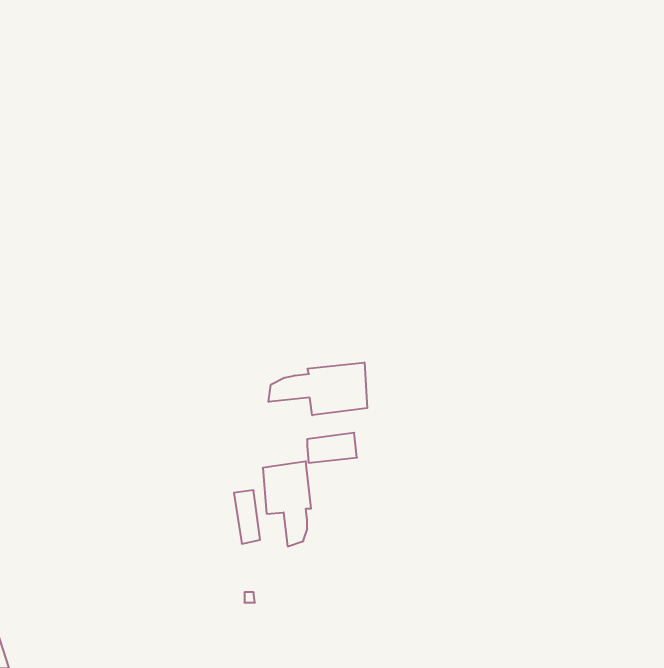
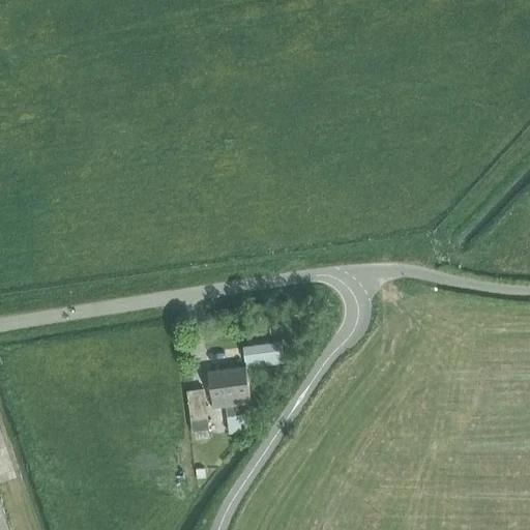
building: [269,362,367,415] -> none

